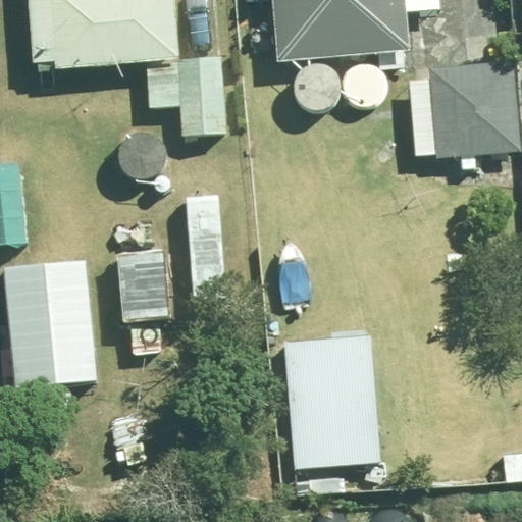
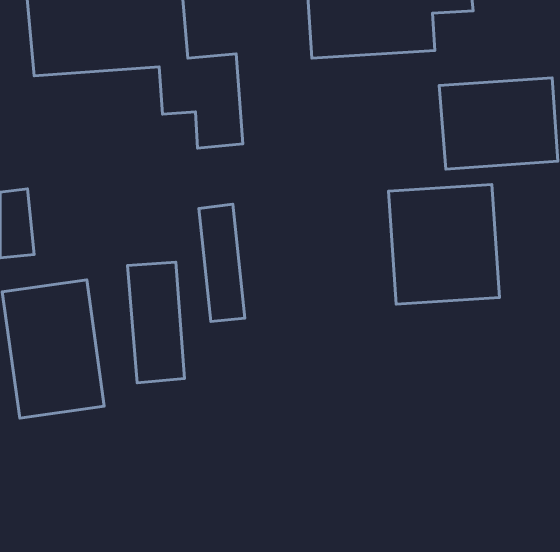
building: none -> [389,184,499,304]
building: [276,333,381,493] -> none

